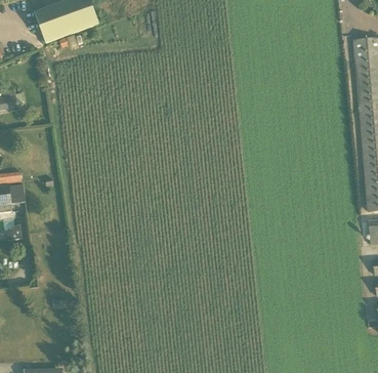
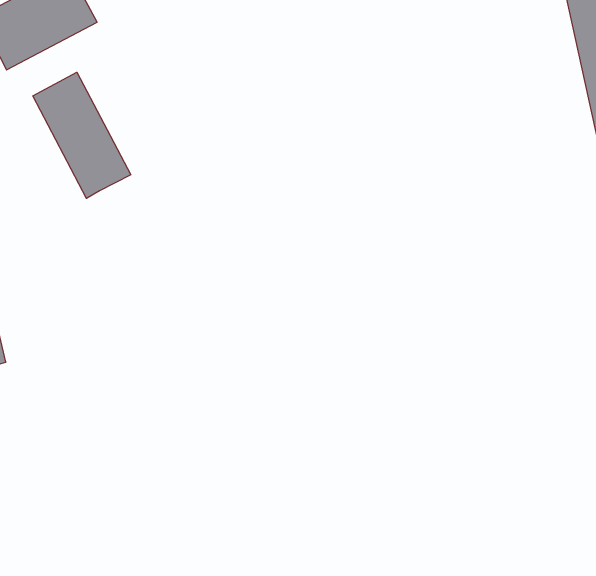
building: none -> [33,72,131,198]

